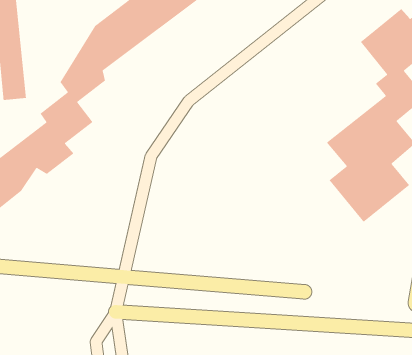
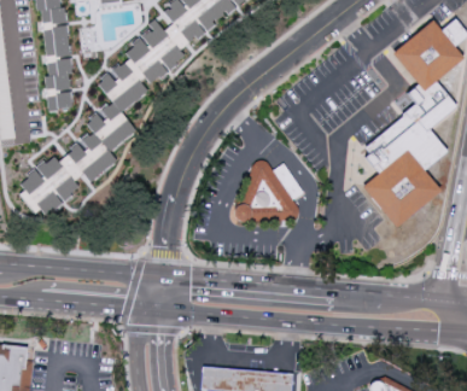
building: none -> [233,161,302,221]

